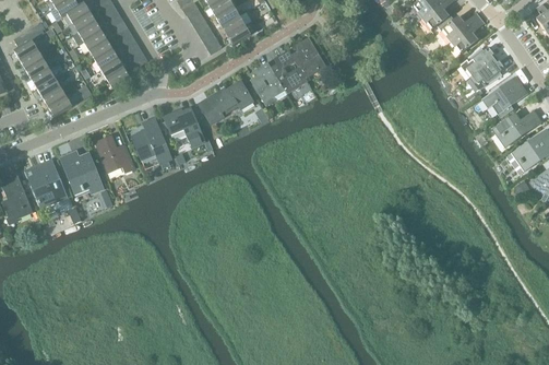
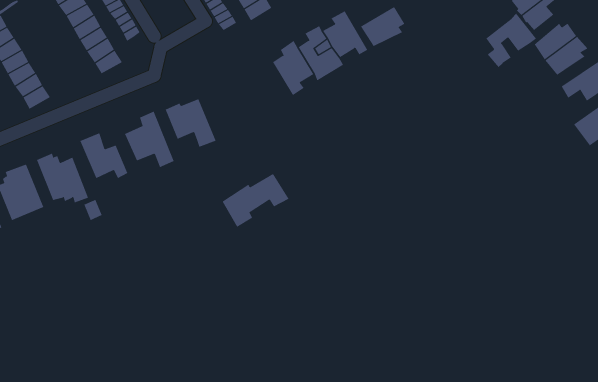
building: none -> [360,6,405,47]
building: none -> [485,13,537,68]
building: [199,80,253,123] -> [222,173,290,227]

